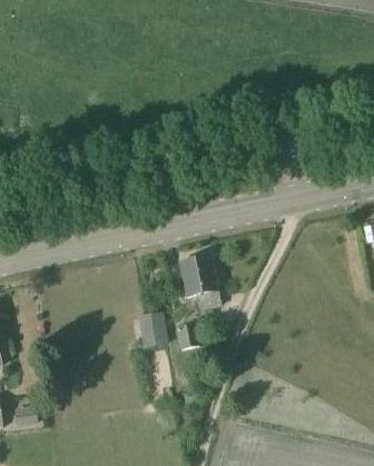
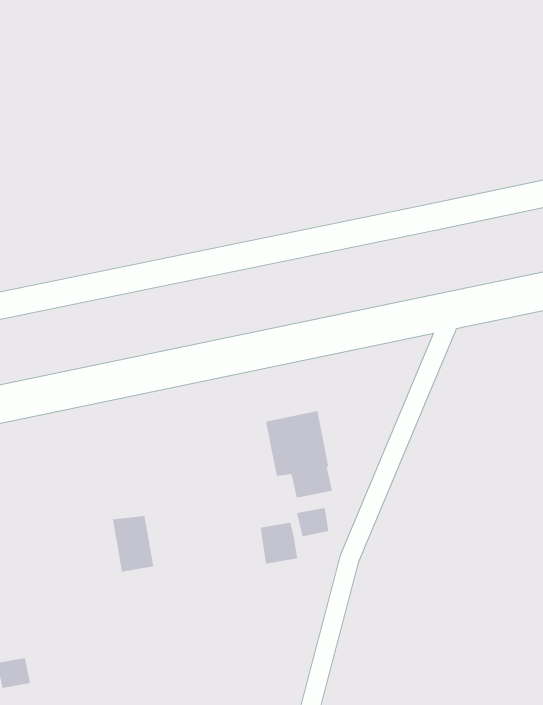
building: [140,311,166,346] -> [112,515,154,572]

